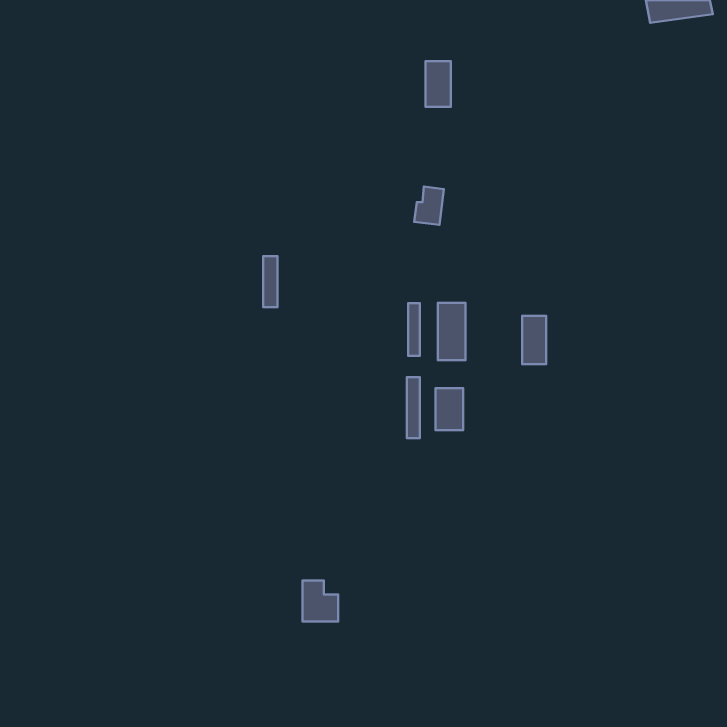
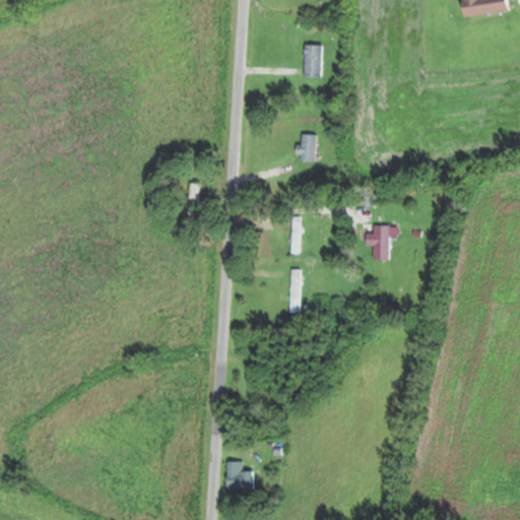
building: [438,303,465,360] -> none
building: [435,388,463,430] -> none
building: [302,580,338,622] -> [228,461,253,491]

